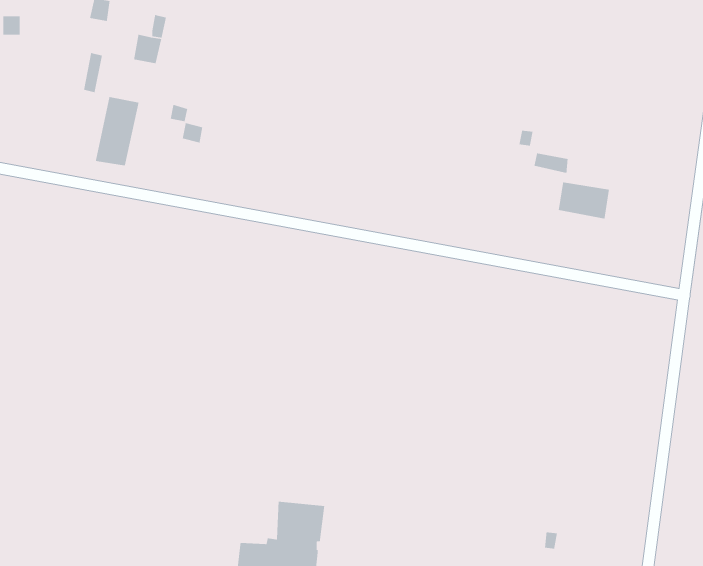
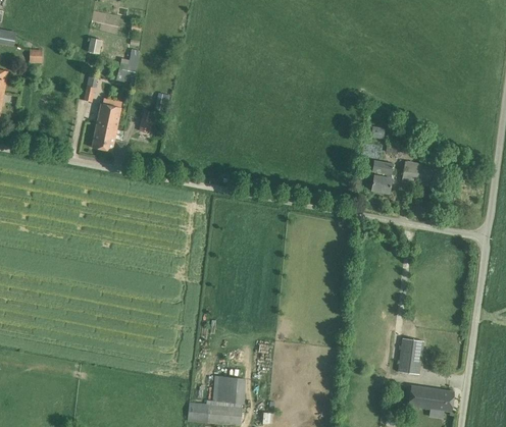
building: none -> [370,161,394,194]
building: none -> [397,338,423,374]
building: none -> [407,385,453,412]

